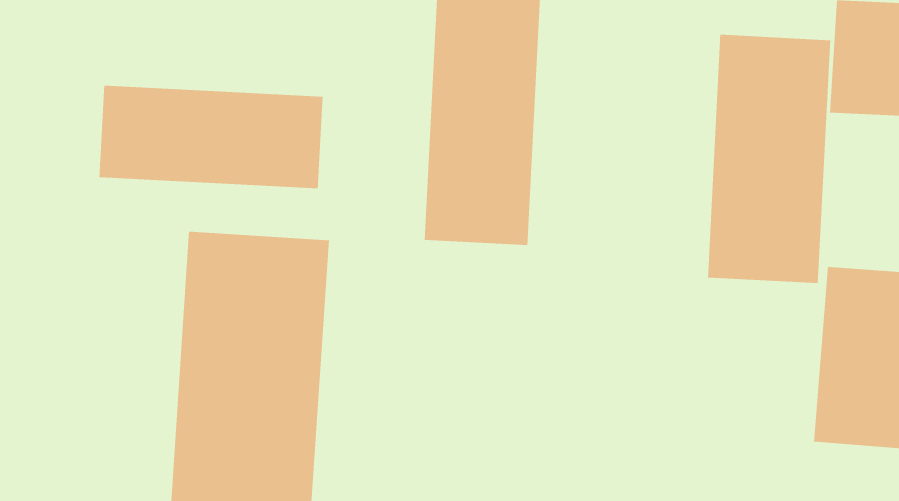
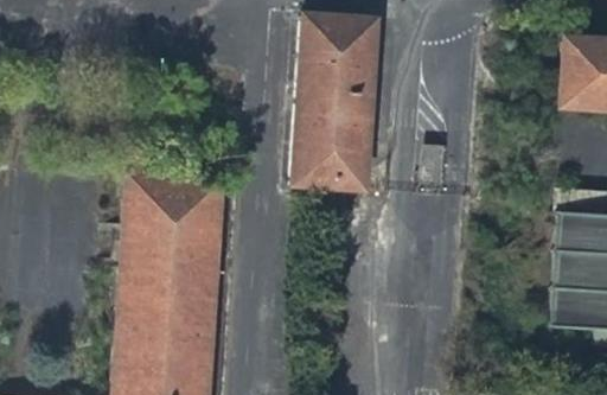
building: [707,34,831,284] -> none
building: [99,85,323,189] -> none

